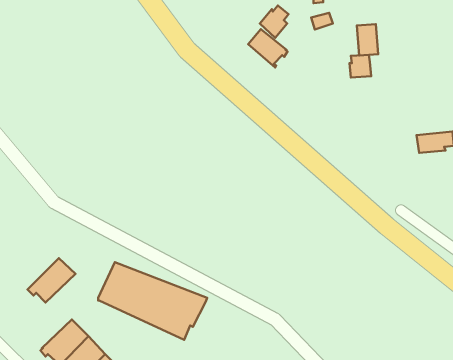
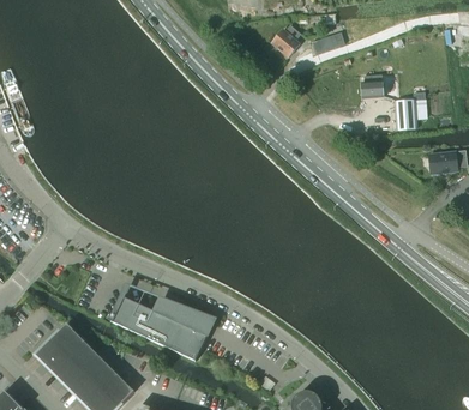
building: [357,24,378,55] -> [393,98,415,129]
building: [248,29,288,67] -> none
building: [28,258,76,303] -> [35,324,83,368]

